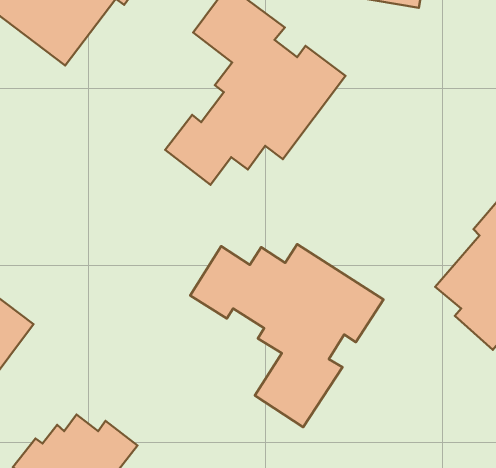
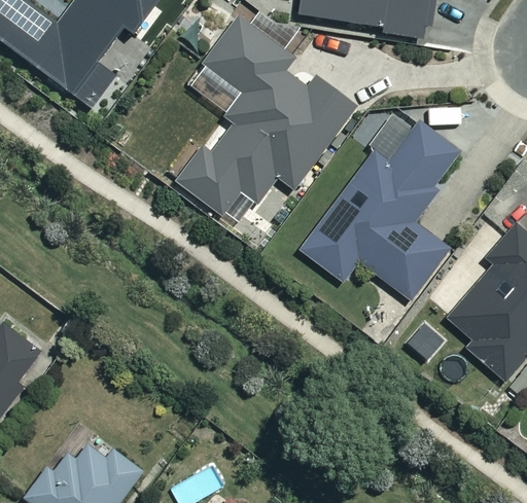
building: none -> [301,114,462,299]
building: [190,244,384,427] -> none

